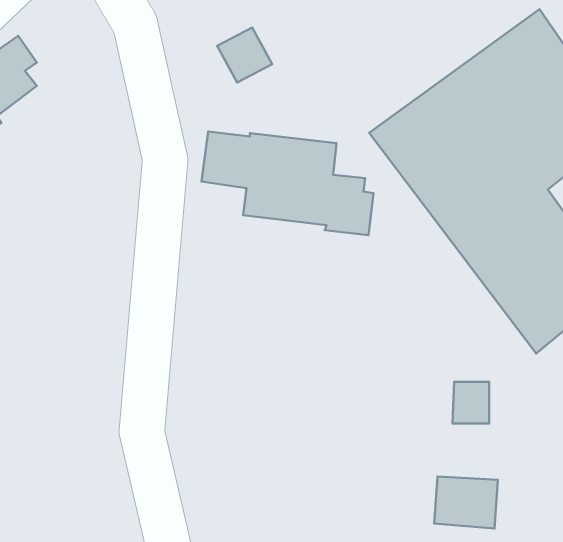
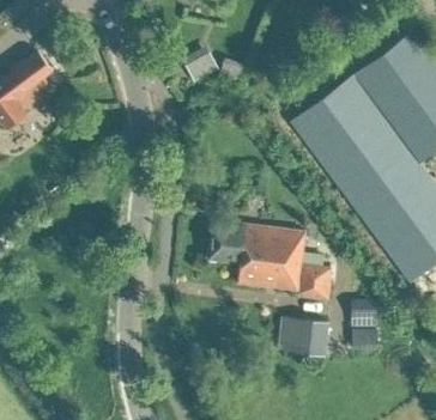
building: [201,131,373,235] -> [207,223,331,297]
building: [434,477,498,528] -> [281,314,327,351]

